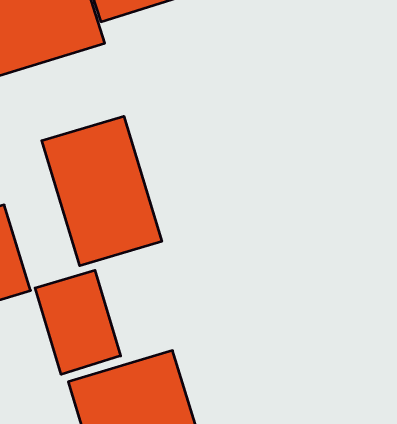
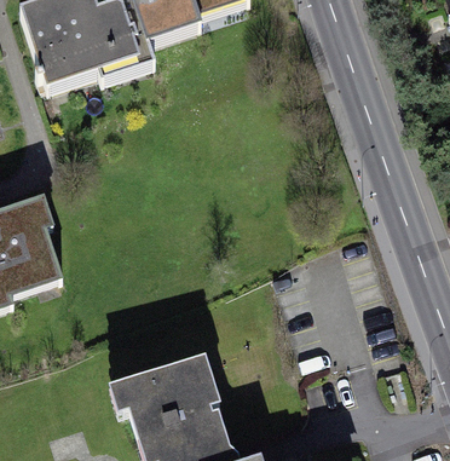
building: [42,116,162,266] -> none
building: [35,270,121,374] -> none

